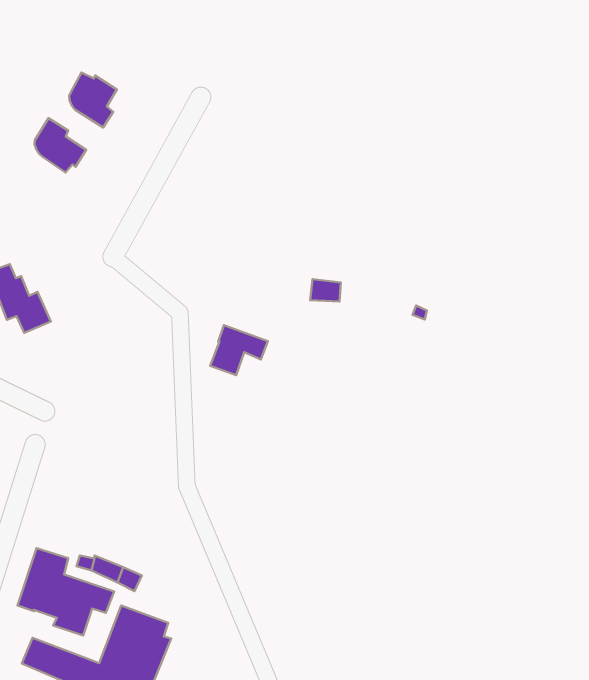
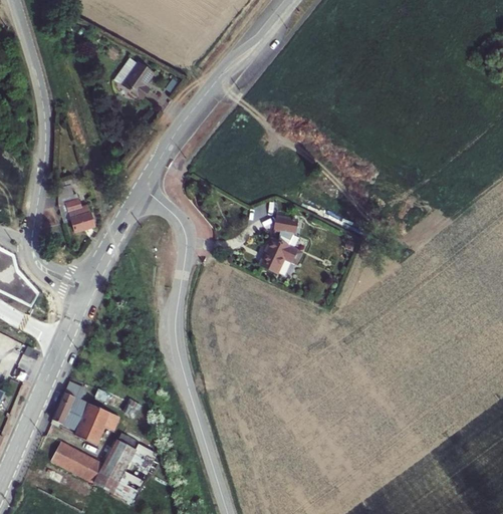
building: [35,118,86,172] -> none
building: [210,325,268,375] -> [259,238,300,273]

